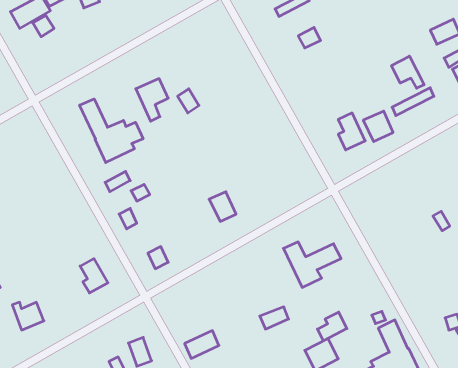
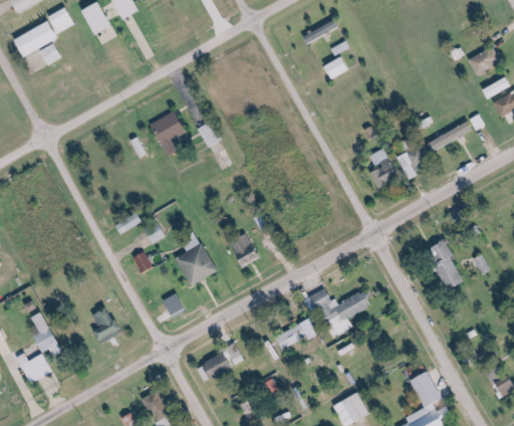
building: [392,56,424,88] -> none
building: [80,99,143,163] -> none
building: none -> [174,236,217,286]
building: none -> [426,240,463,290]
building: none -> [29,311,61,357]
building: [260,307,289,329] -> [273,324,304,348]
building: [317,312,347,341] -> none
building: [185,331,219,358] -> [195,352,232,382]

